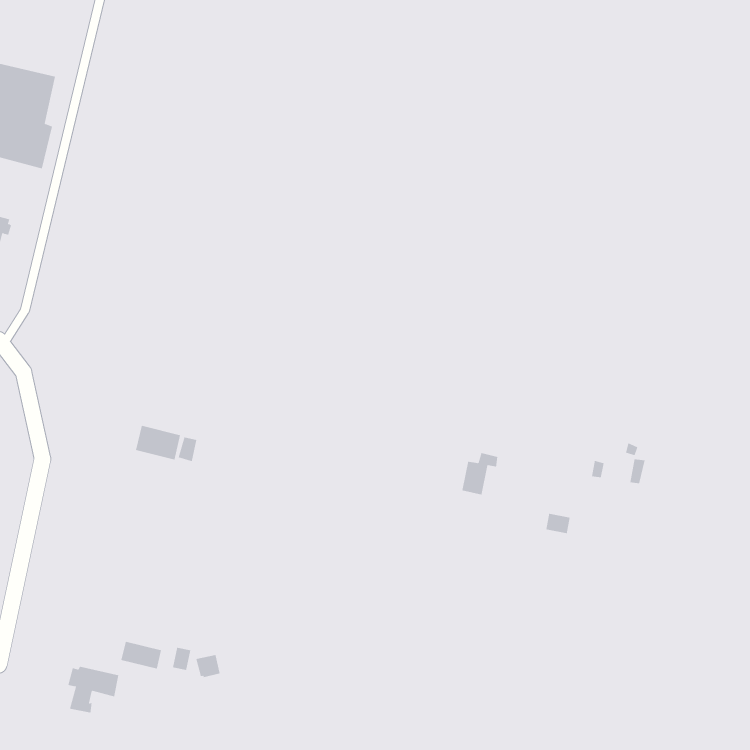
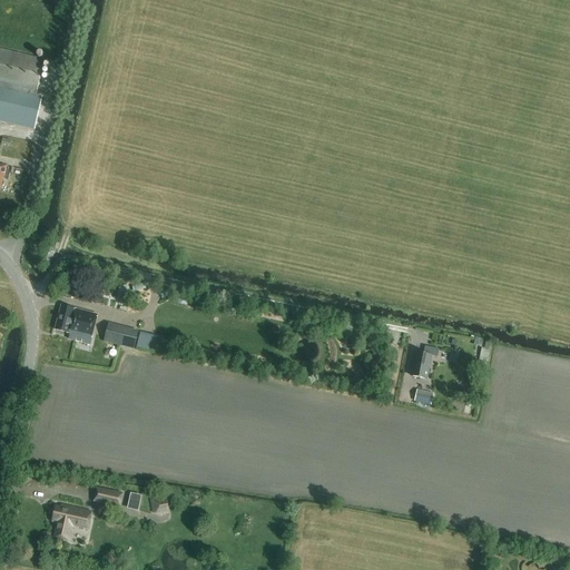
building: none -> [55,304,97,344]
building: [462,452,498,495] -> [410,346,438,379]

